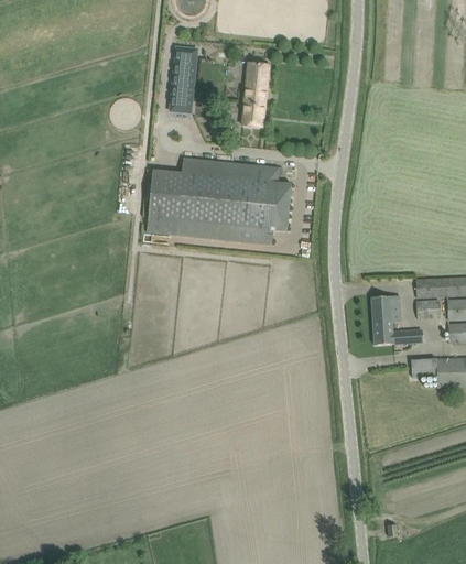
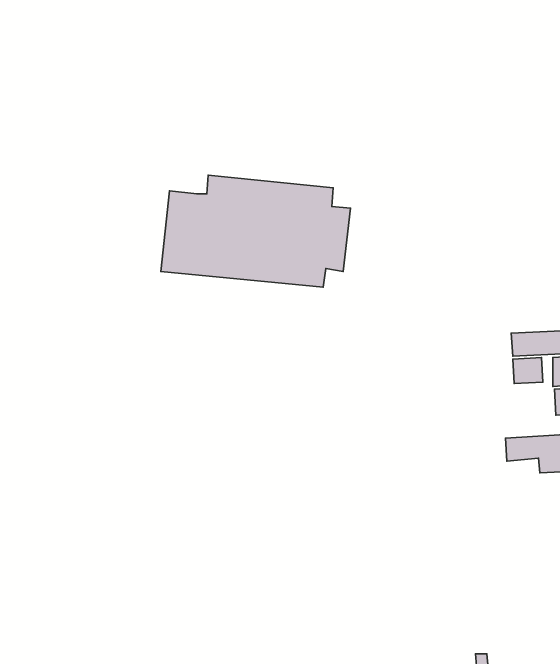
building: [170,46,197,115] -> none
building: [242,62,269,127] -> none
building: [371,295,422,344] -> none

